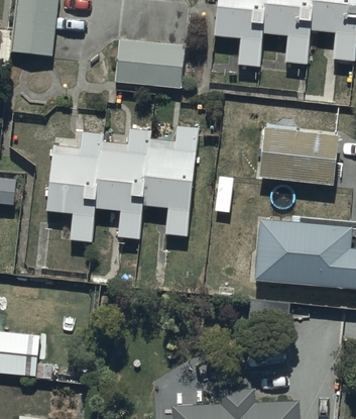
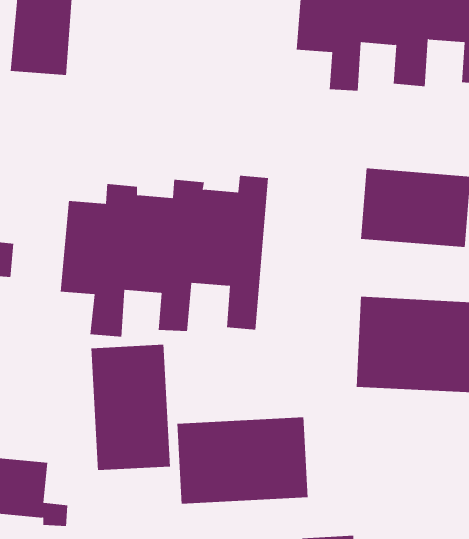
building: [115,43,184,92] -> none
building: none -> [91,344,170,471]
building: none -> [177,416,308,504]

